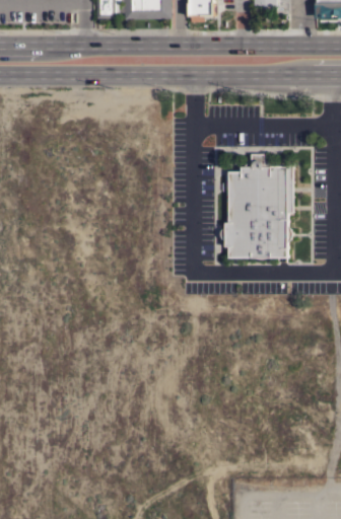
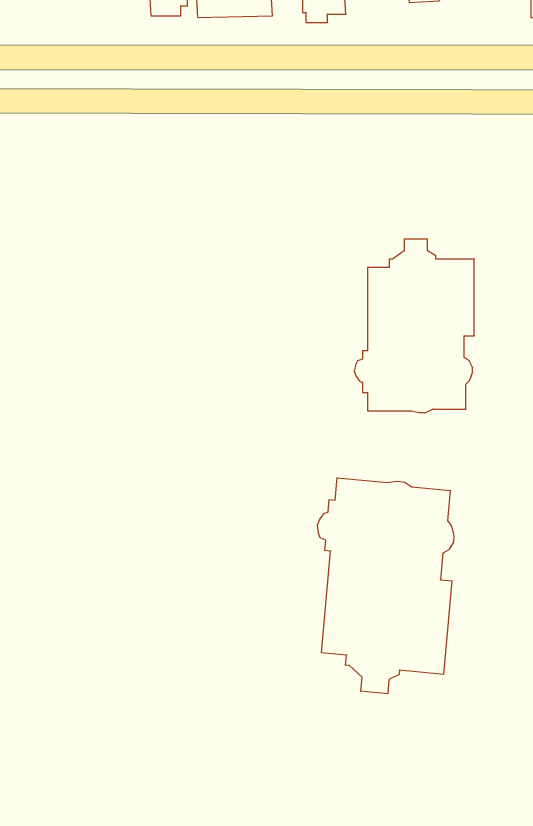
building: none -> [317,478,454,694]

